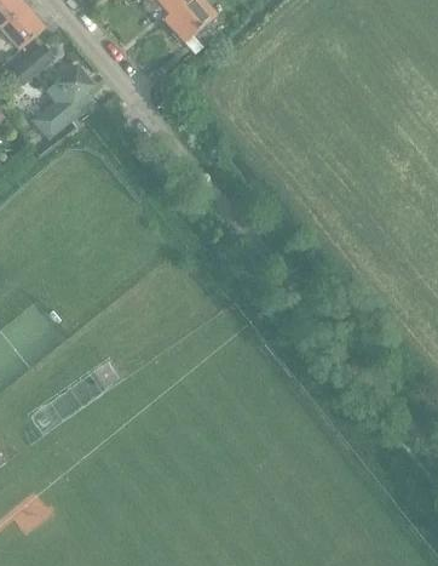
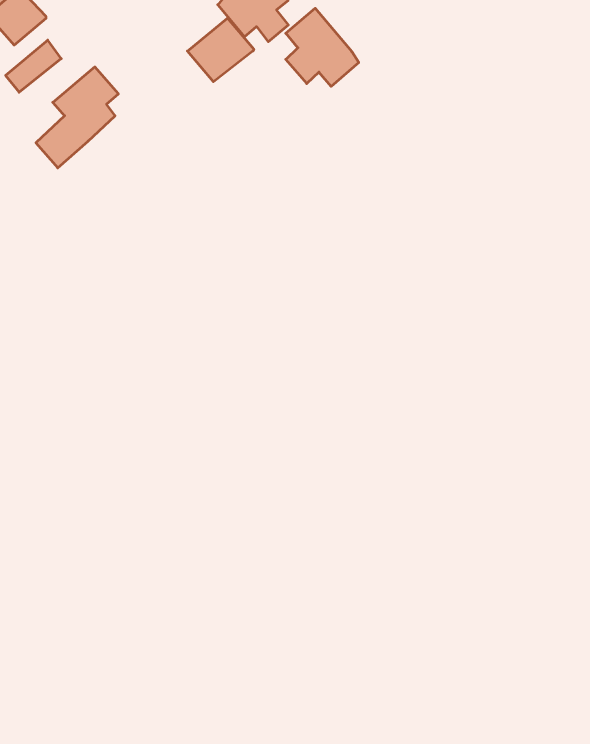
building: none -> [286,8,359,86]
building: none -> [187,18,254,82]

